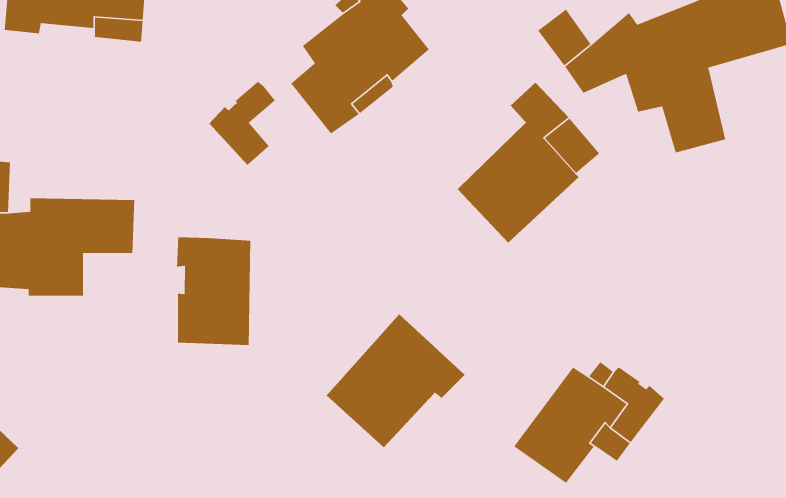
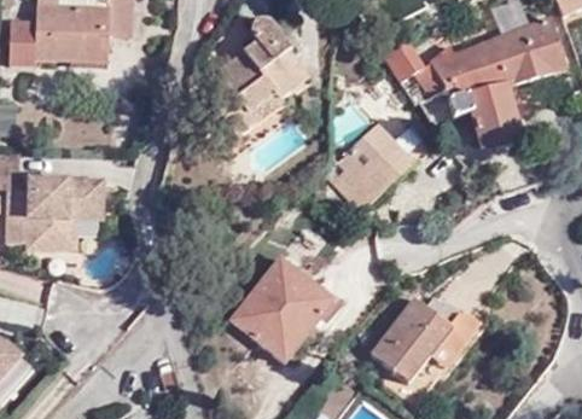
building: [208,81,276,166] -> none
building: [176,236,251,346] -> none

